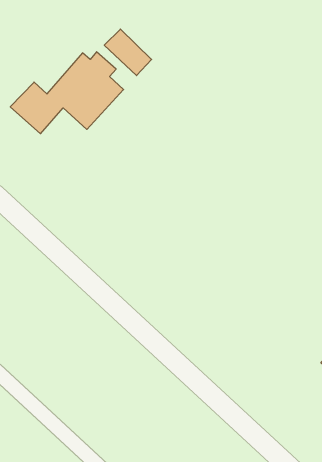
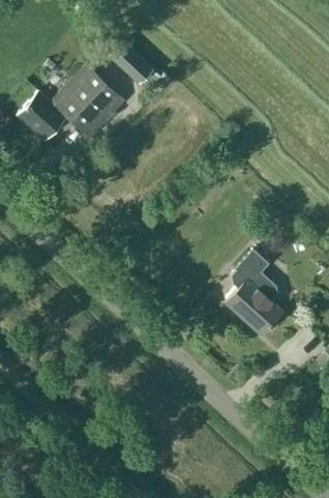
building: none -> [226,250,282,335]

